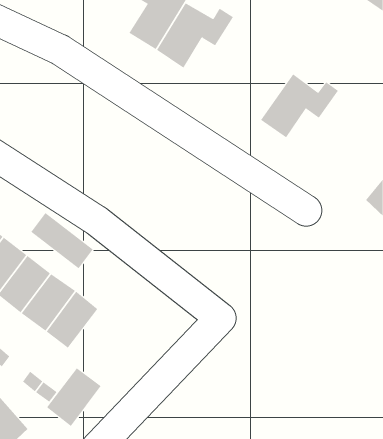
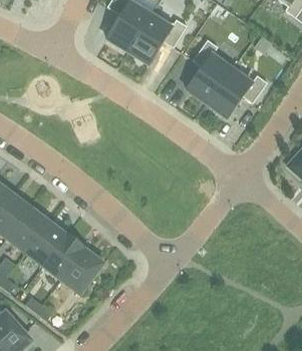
building: none -> [186,38,232,103]
building: [30,212,94,269] -> none
building: [46,368,101,427] -> [60,248,102,293]

